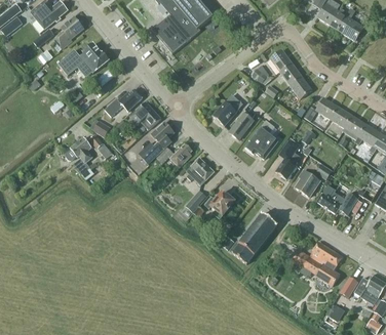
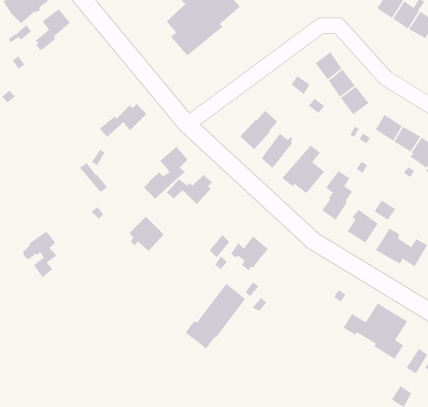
building: [57,43,109,76] -> none
building: [130,101,161,129] -> none
building: [66,137,92,174] -> [23,230,57,279]
building: [186,157,214,184] -> [128,216,165,252]
building: [230,212,277,263] -> [185,283,246,350]

